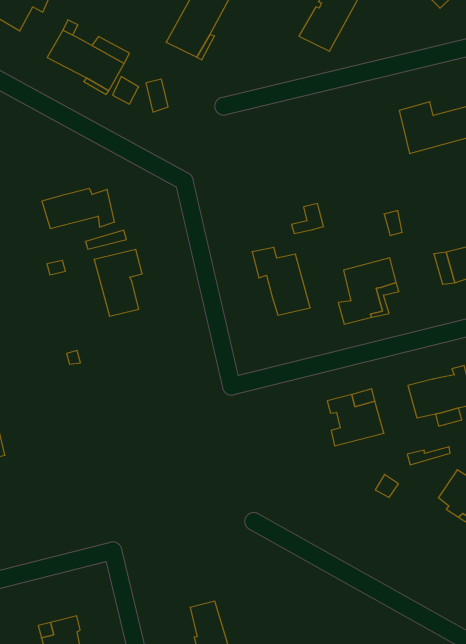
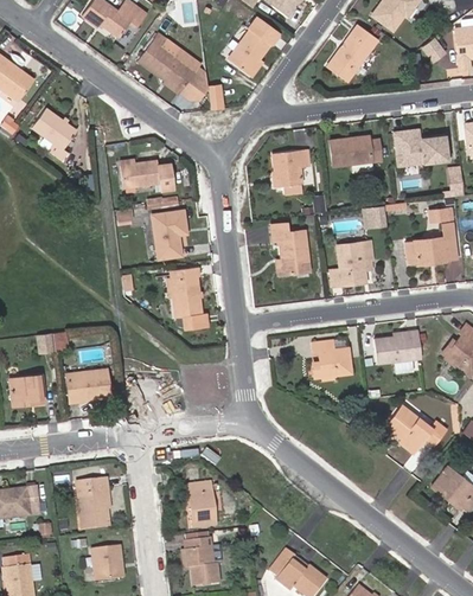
building: none -> [331,135,384,165]
building: none -> [273,149,309,194]
building: none -> [171,265,206,328]
building: none -> [66,370,109,402]

